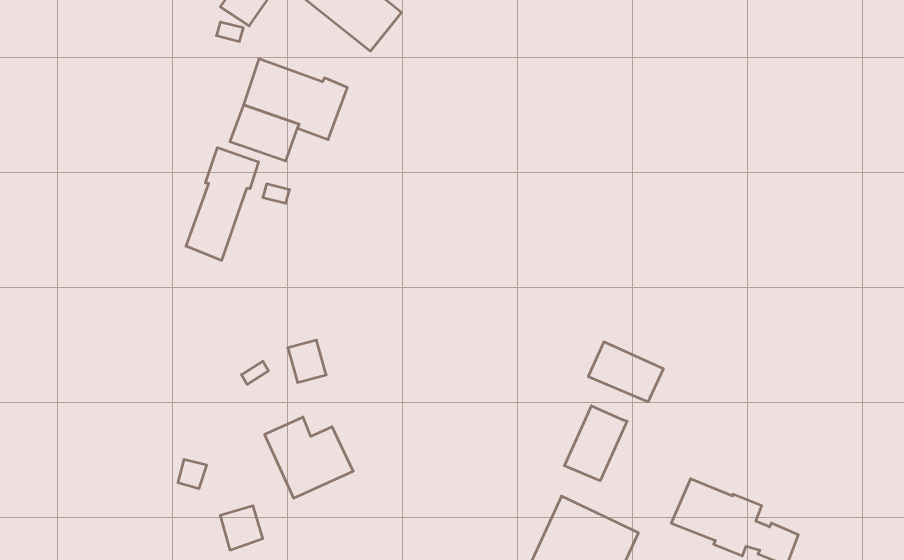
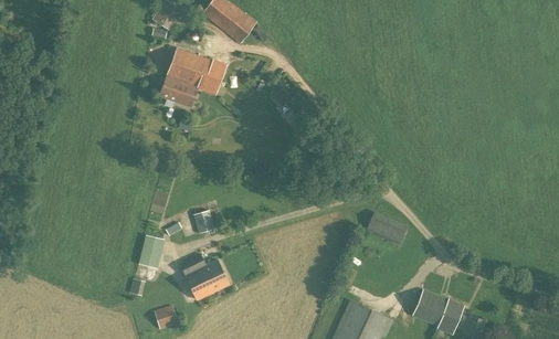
building: [186,148,258,260] -> none
building: none -> [138,234,165,268]
building: [564,406,627,481] -> none

